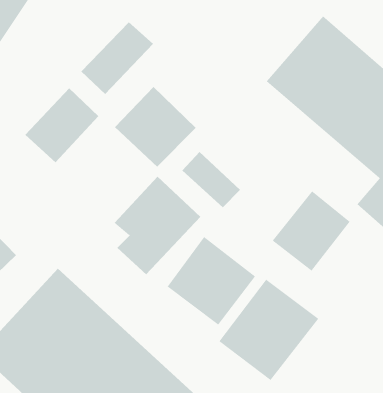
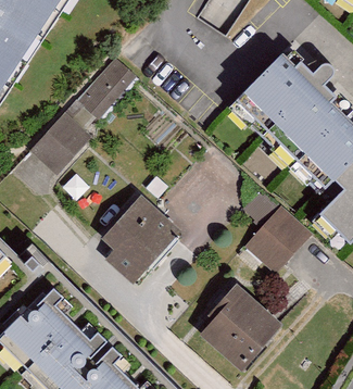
building: [114,86,197,168] -> none
building: [182,151,241,208] -> none
building: [167,236,256,326] -> none

